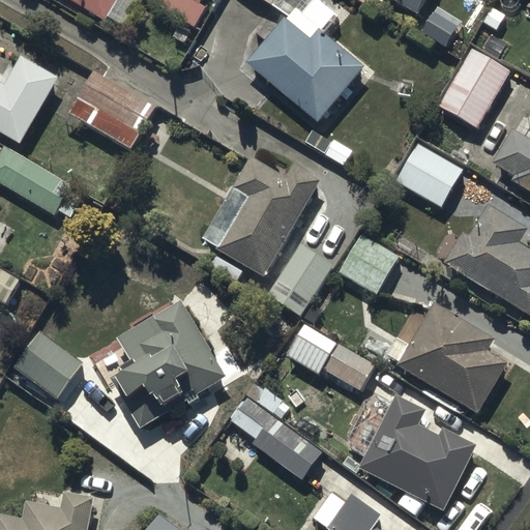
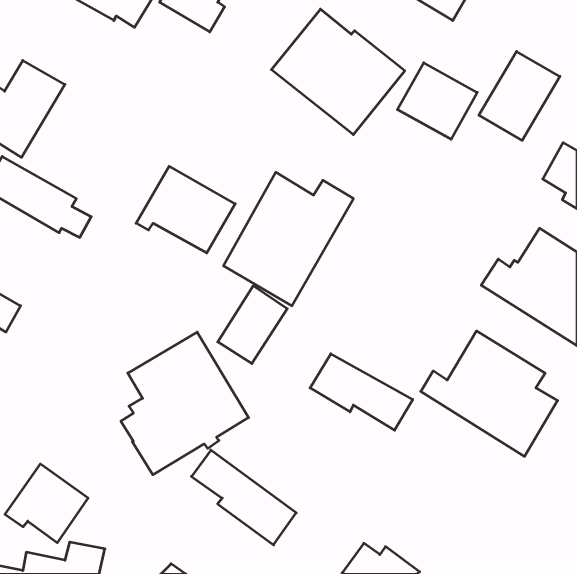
building: [61,60,151,139] -> [136,166,235,253]
building: [390,140,463,209] -> [397,63,477,139]
building: [333,230,404,299] -> none
building: [266,242,329,313] -> [218,286,287,364]
building: [8,330,84,402] -> [5,464,88,543]
building: [227,392,322,478] -> [191,450,296,545]
building: [357,394,479,514] -> none

